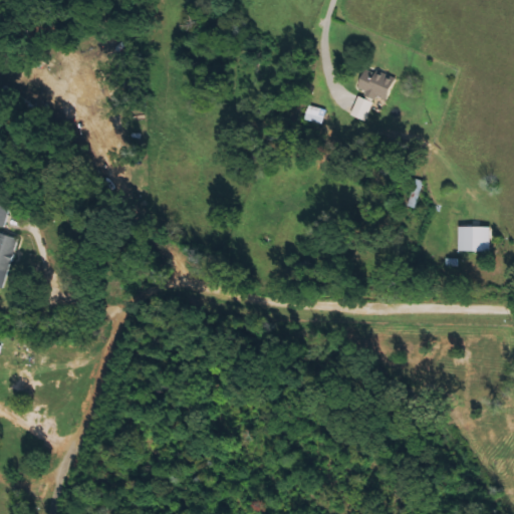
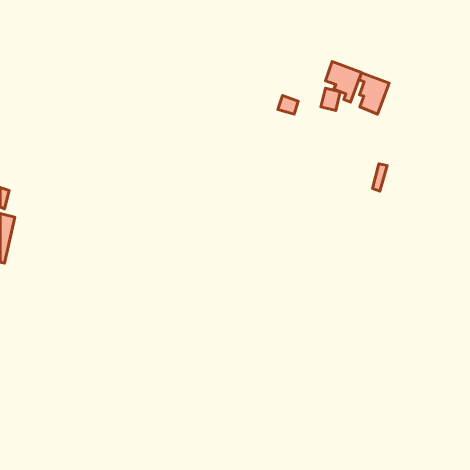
building: none -> [359,73,389,114]
building: [457,226,489,252] -> none

